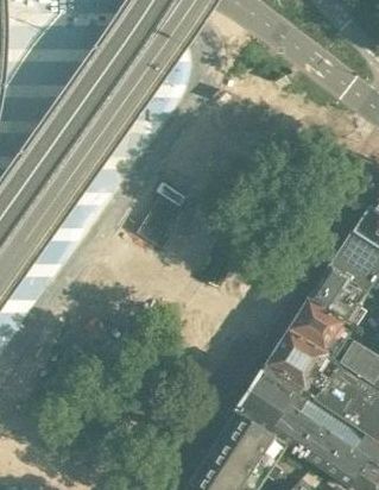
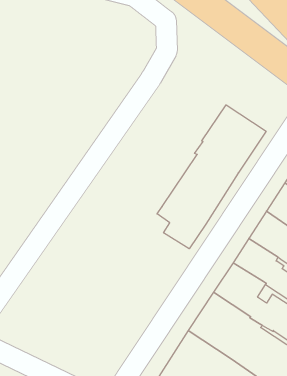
building: none -> [157,105,266,249]

